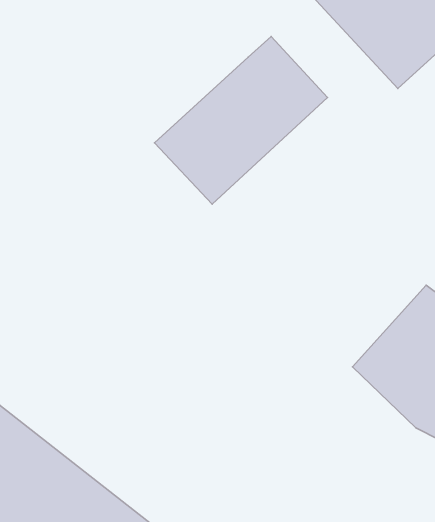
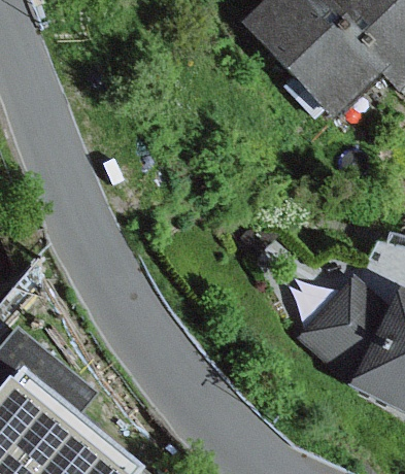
building: [154,36,328,204] -> none

